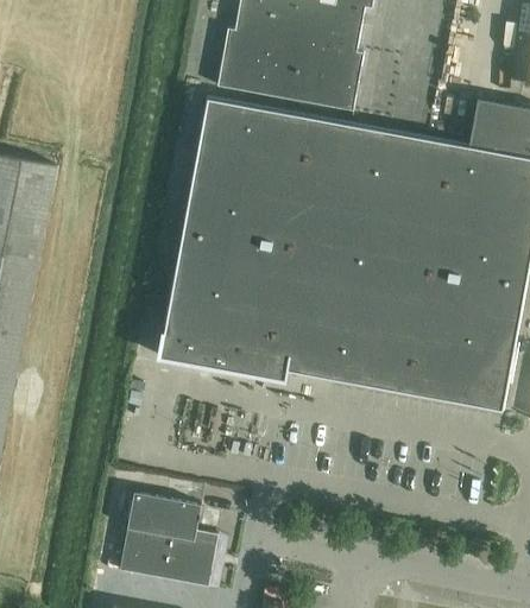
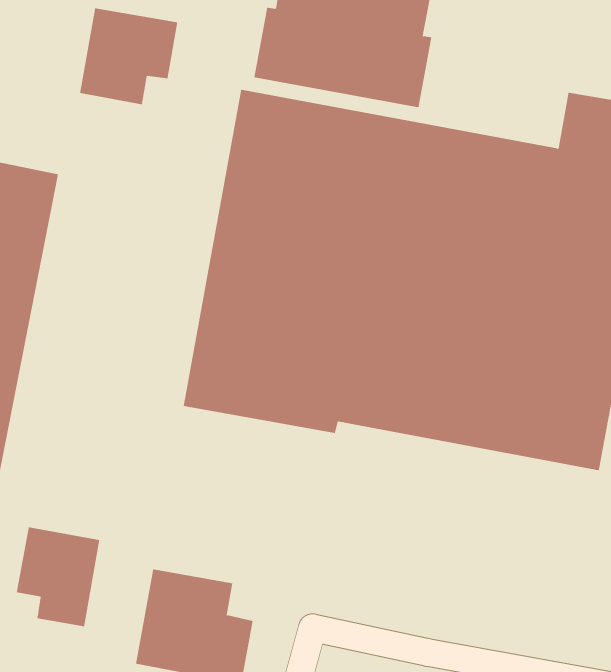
building: none -> [79,8,178,105]
building: none -> [16,527,100,627]

